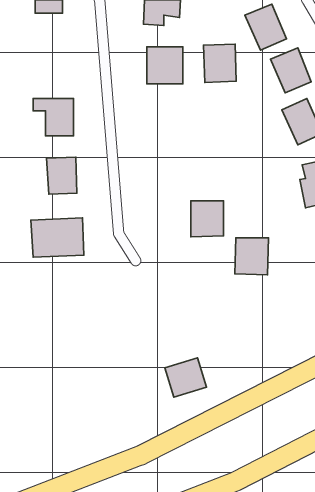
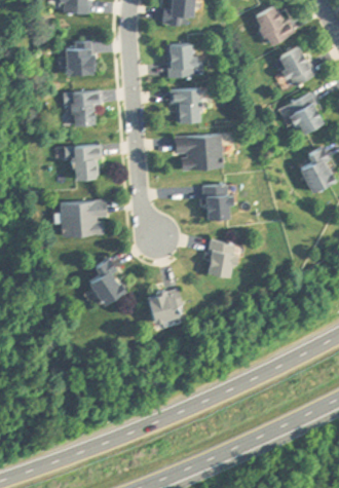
building: [204,44,236,82] -> [171,88,200,123]
building: none -> [65,45,93,74]
building: none -> [174,135,222,170]
building: [235,238,269,275] -> [206,241,237,275]
building: none -> [85,258,127,305]
building: [165,358,206,397] -> [145,288,183,324]

